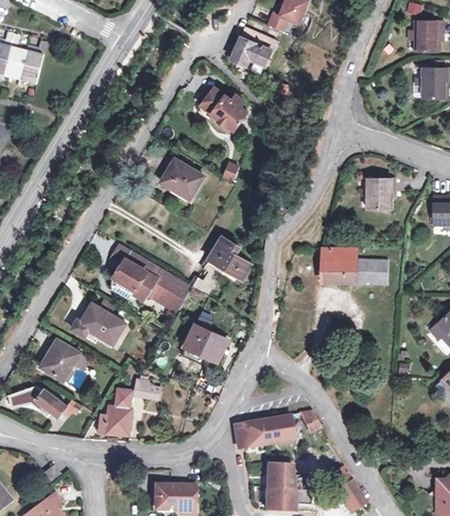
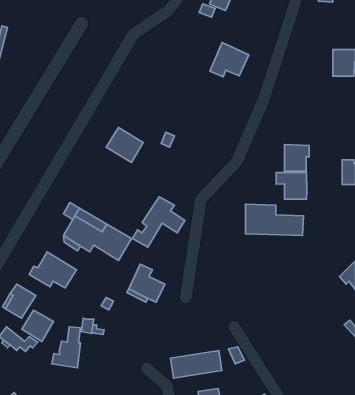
building: [415,21,443,52] -> none
building: [230,26,275,66] -> [210,43,249,77]
building: [199,87,247,134] -> none
building: none -> [276,172,307,199]
building: none -> [22,310,53,341]

